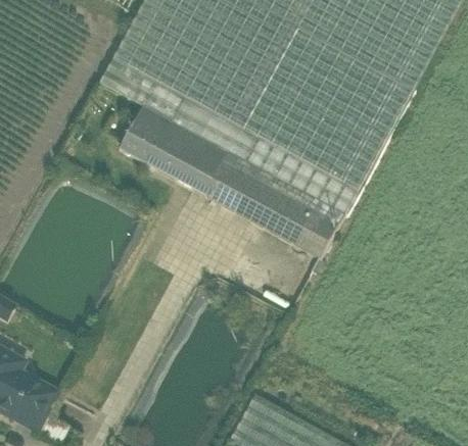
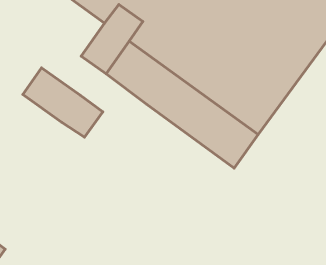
building: none -> [23,68,103,137]

